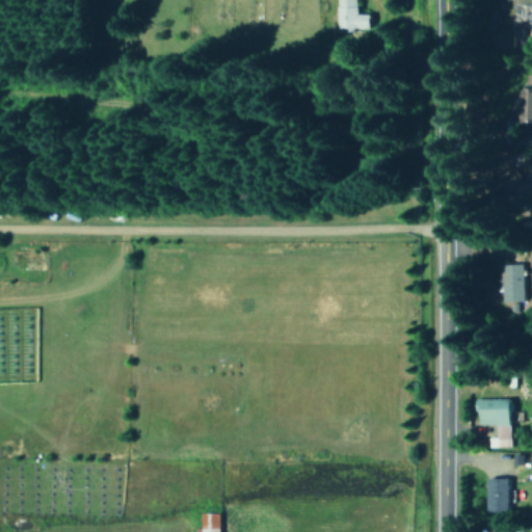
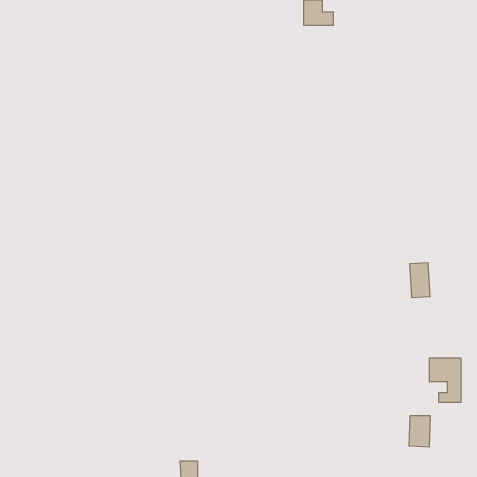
building: [502,264,525,302] -> [410,263,430,298]
building: [486,479,510,513] -> [409,416,430,447]

